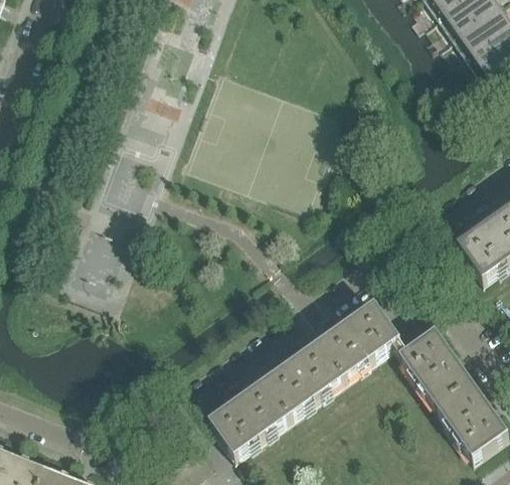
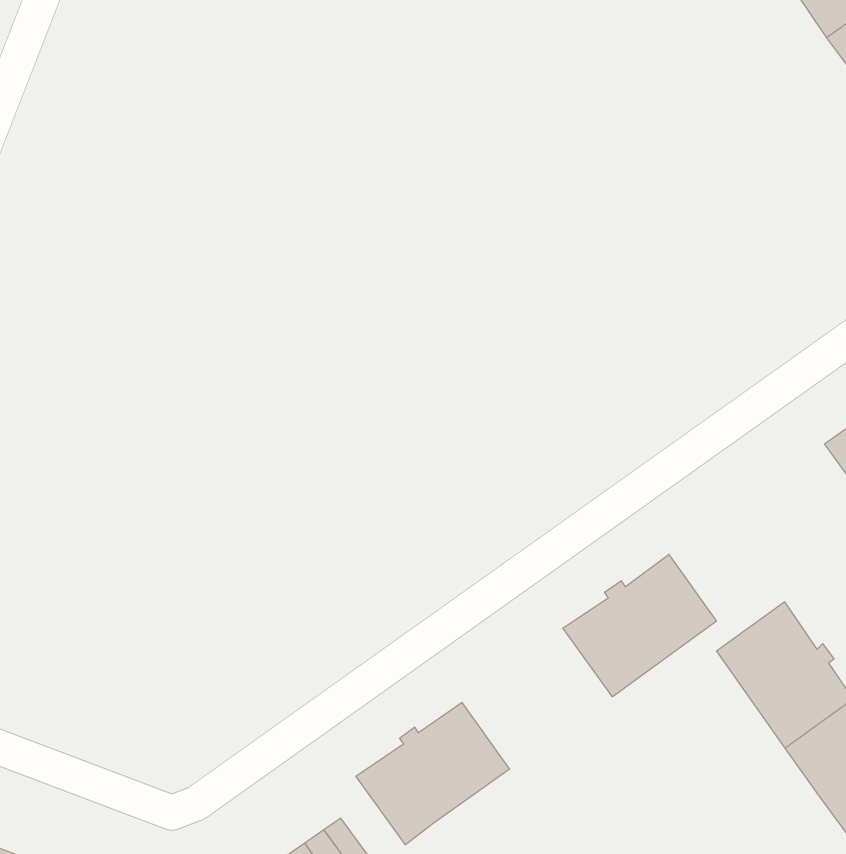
building: [263,341,342,416] -> none

